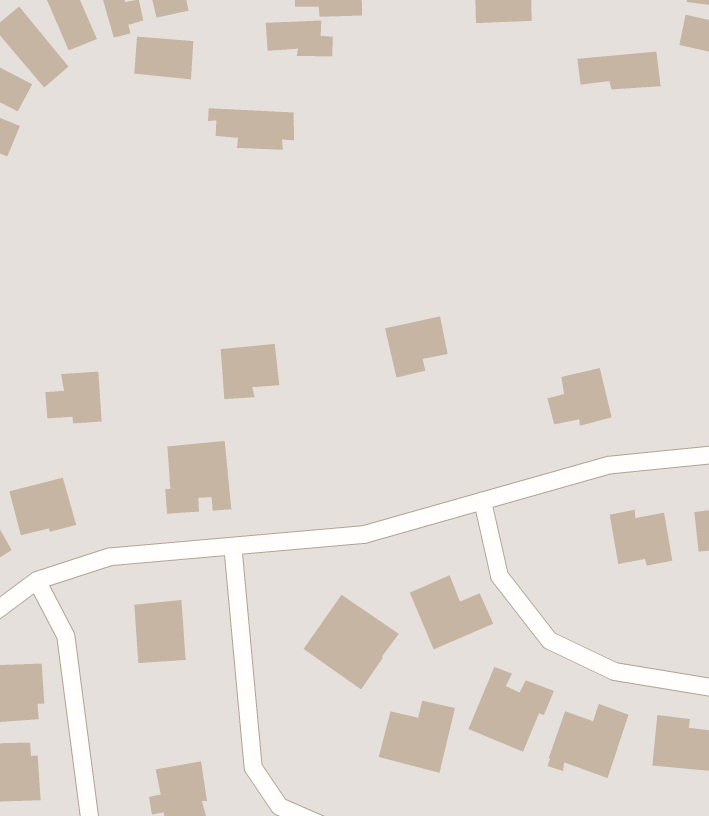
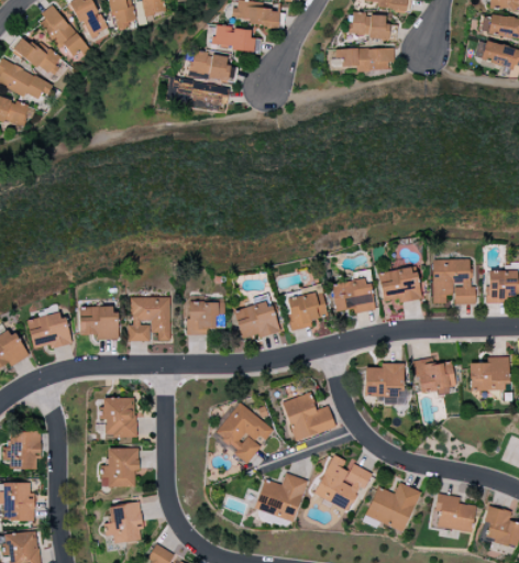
building: [134,36,194,80] -> [189,51,230,81]
building: [576,51,661,90] -> [335,47,389,70]
building: [384,316,449,378] -> [286,291,327,330]
building: [220,343,280,400] -> [187,300,224,334]
building: none -> [432,258,475,305]
building: [45,371,103,424] -> [79,306,115,339]
building: none -> [332,279,372,312]
building: none -> [234,301,279,339]
building: none -> [364,363,401,396]
building: none -> [100,448,139,487]

